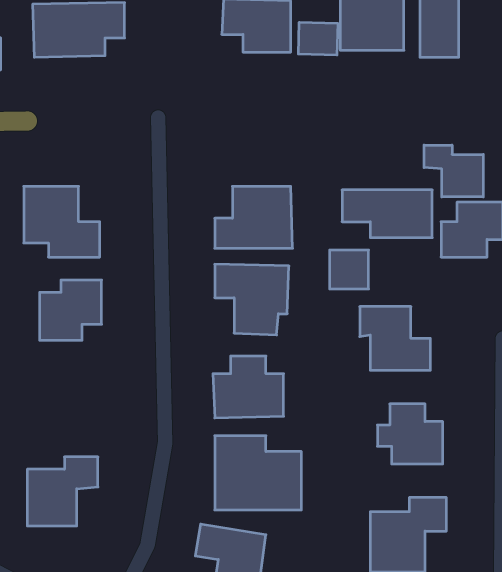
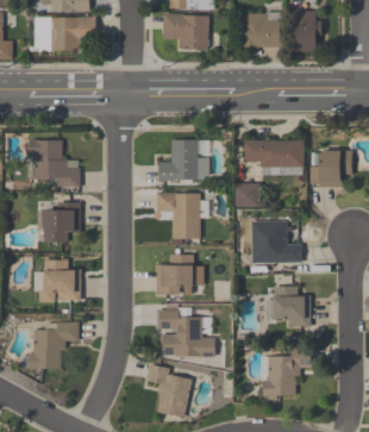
building: [298,22,338,55] -> none
building: [424,145,483,197] -> none
building: none -> [33,255,81,302]

